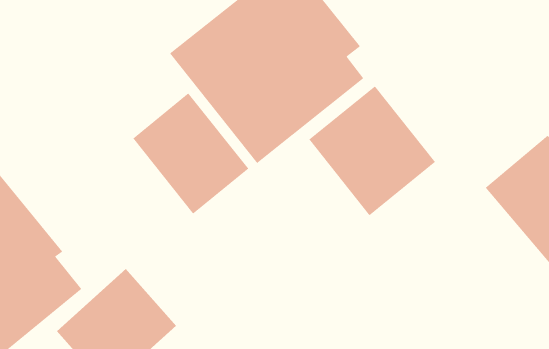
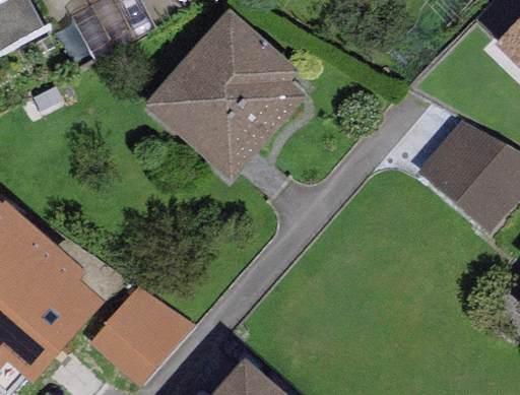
building: [308,85,436,216] -> none
building: [132,93,249,214] -> none

